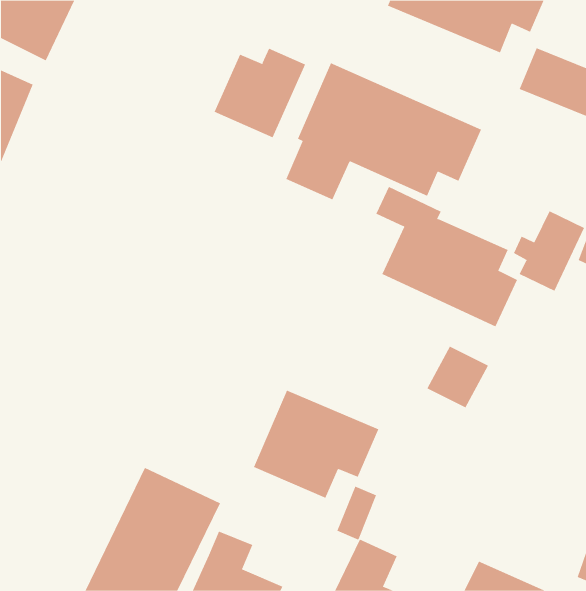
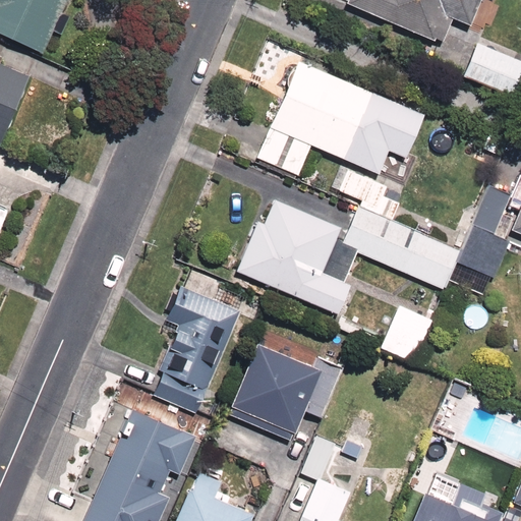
building: [214,48,306,138] -> none
building: none -> [233,196,347,311]
building: none -> [148,287,240,413]

